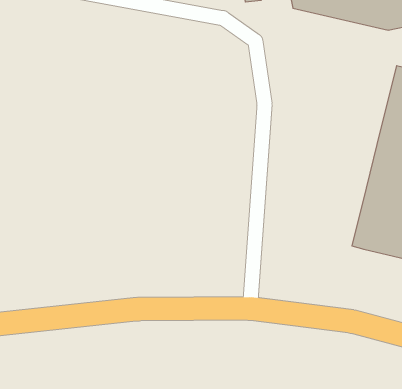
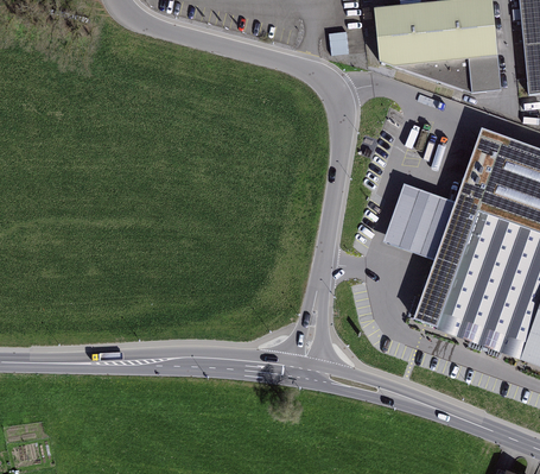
building: none -> [383,178,457,257]

